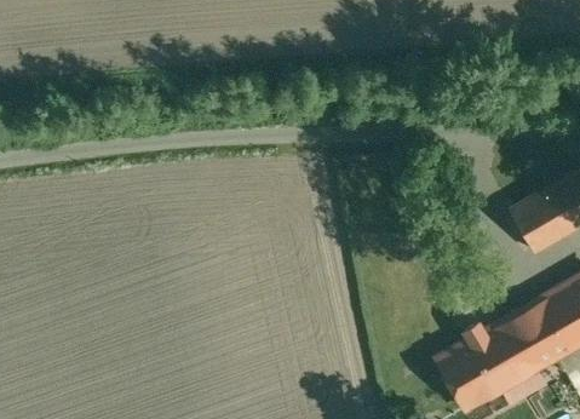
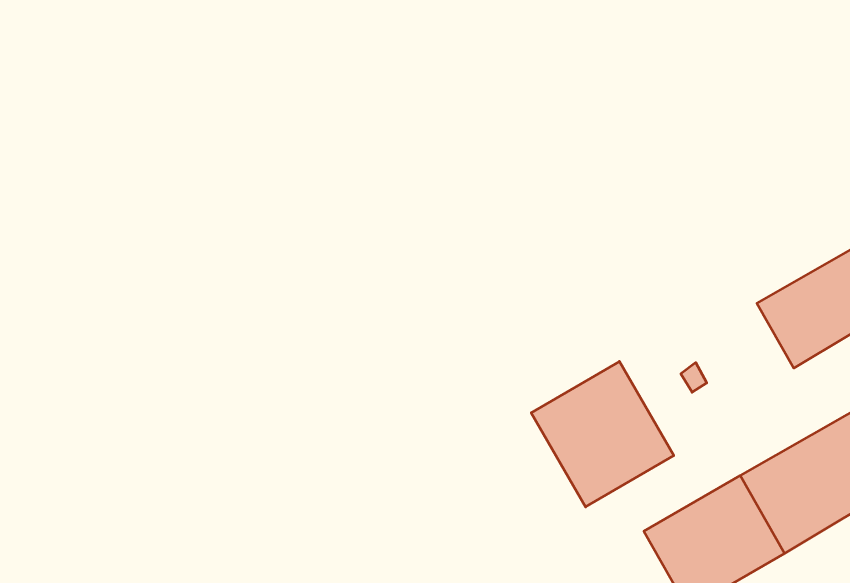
building: none -> [531,361,674,507]

